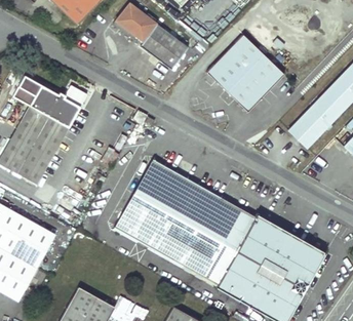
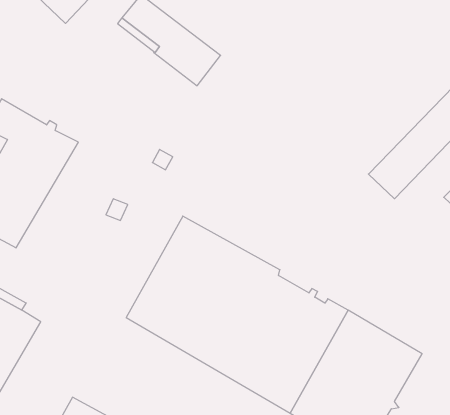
building: [207,35,283,111] -> none

